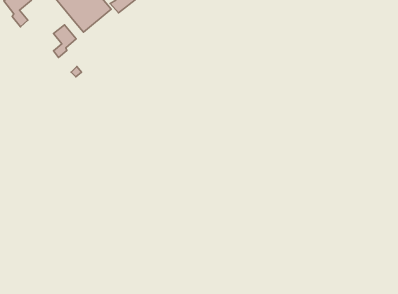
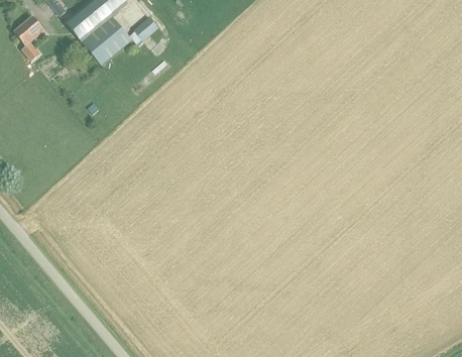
building: [53,25,76,57] -> none

